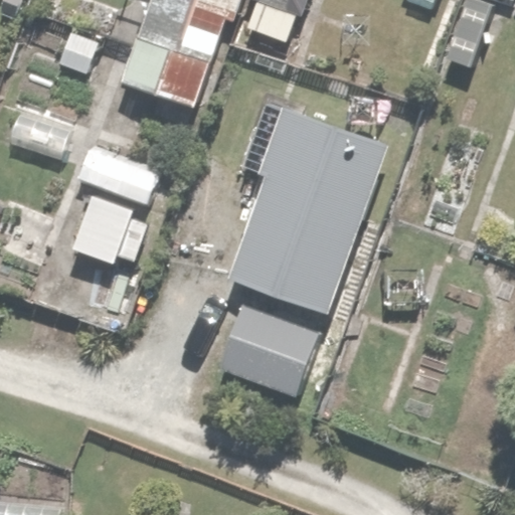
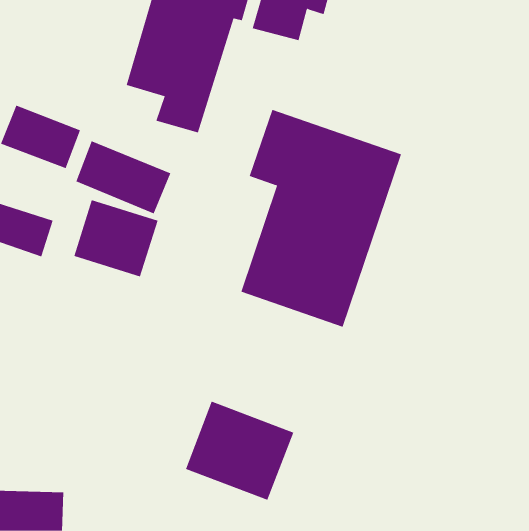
building: [216,303,321,398] -> [185,401,294,501]

